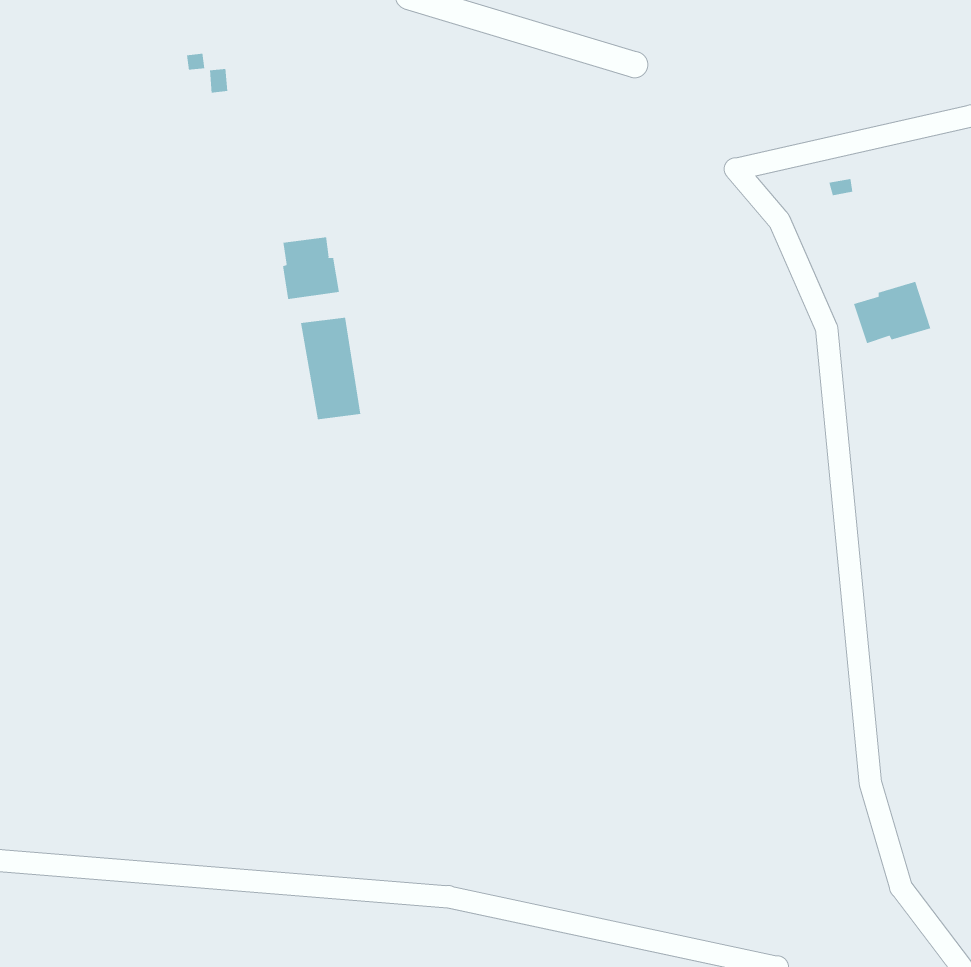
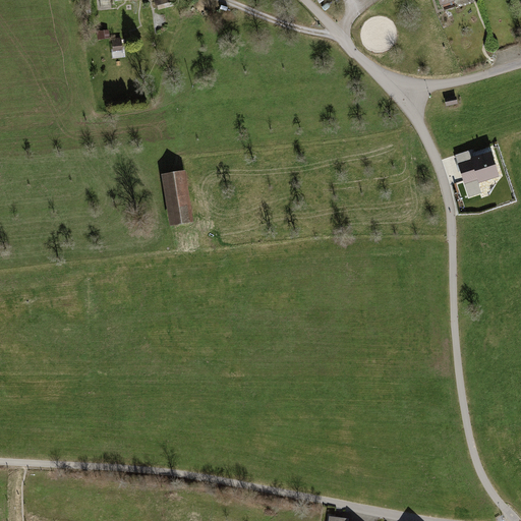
building: [282,236,340,300] -> none

